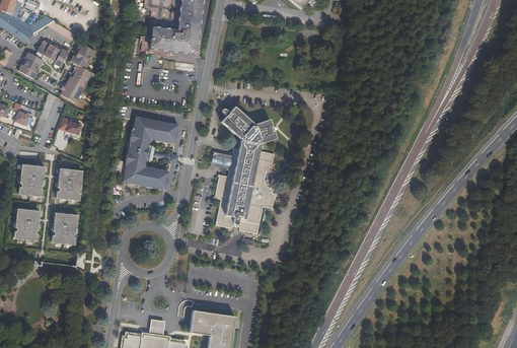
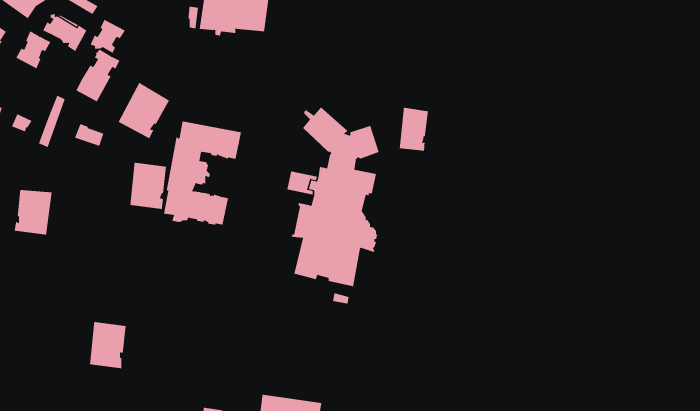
building: none -> [118,82,170,139]
building: none -> [399,107,428,151]
building: [56,167,82,201] -> [129,162,167,209]
building: [13,209,40,241] -> none
building: [52,212,78,246] -> [89,322,127,369]

